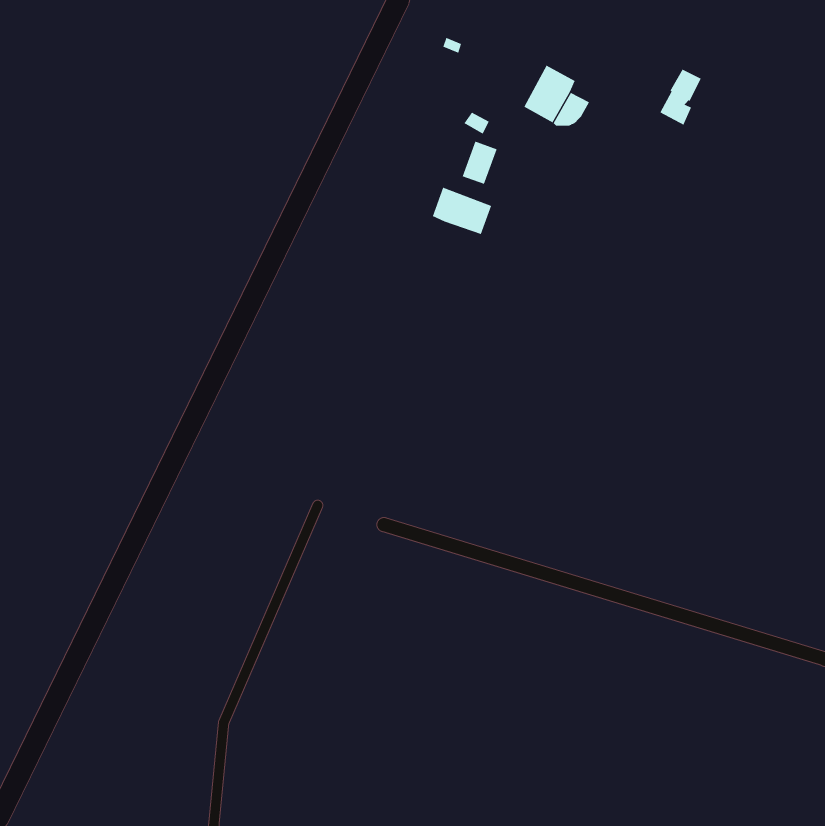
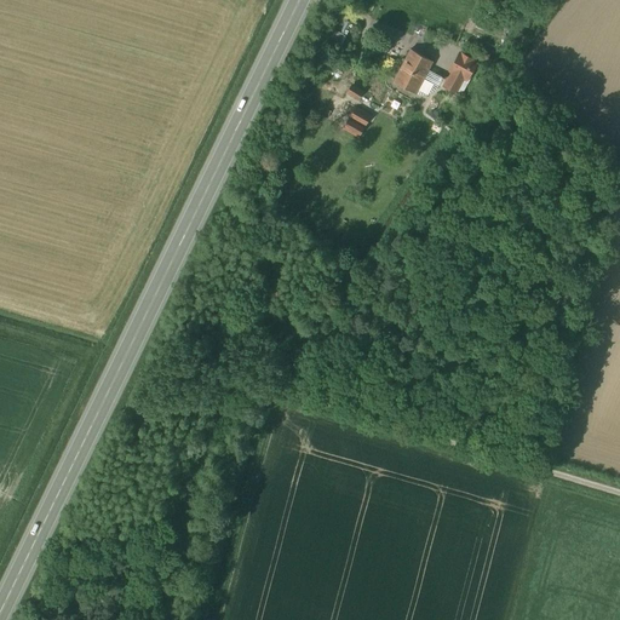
building: [659,69,702,125] -> [441,52,472,94]
building: [432,187,492,235] -> none

